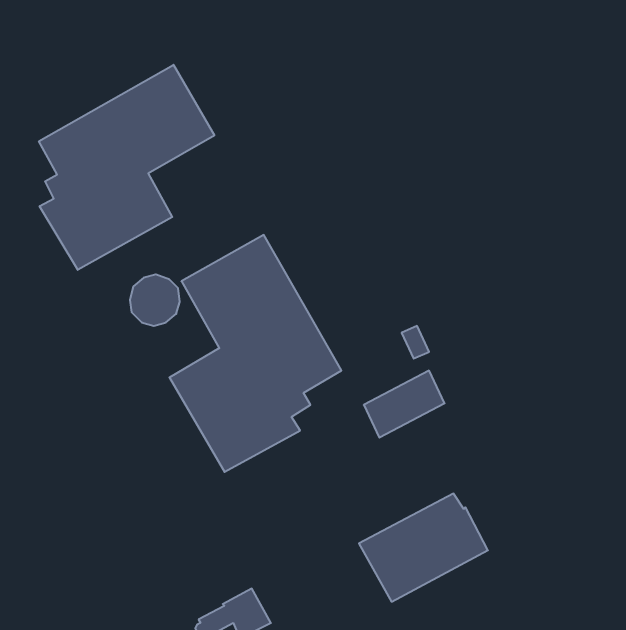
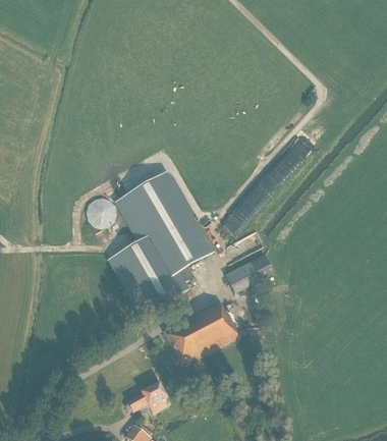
building: [39,65,214,270] -> none
building: [359,494,488,602] -> [162,300,238,365]

